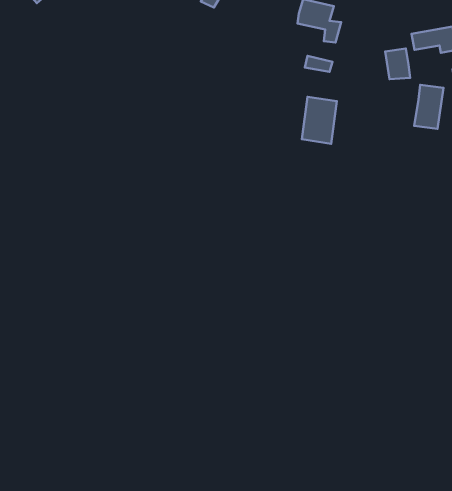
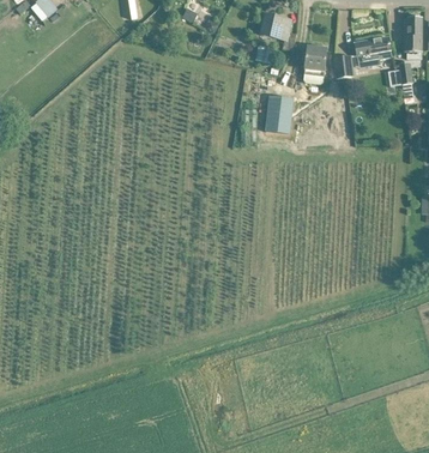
building: [414,85,443,129] -> [303,46,327,81]

